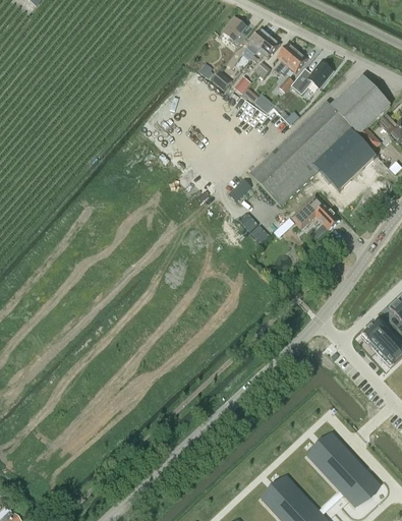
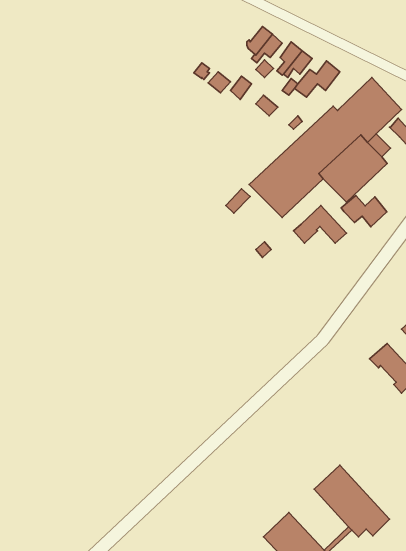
building: [221,18,245,49] -> none
building: none -> [341,195,387,227]

